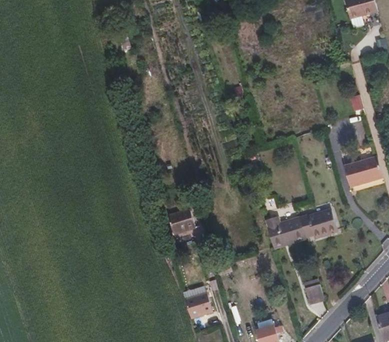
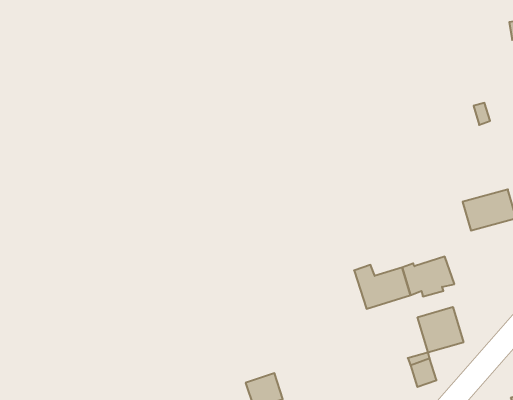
building: [168,210,195,235] -> none
building: none -> [418,307,463,353]

